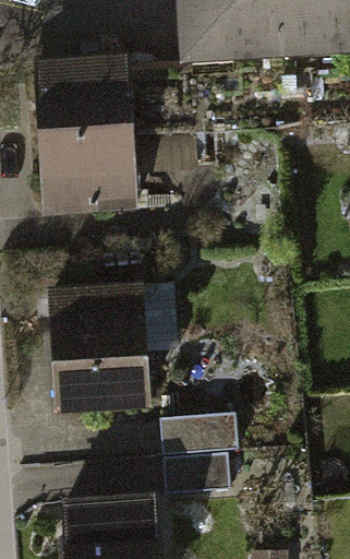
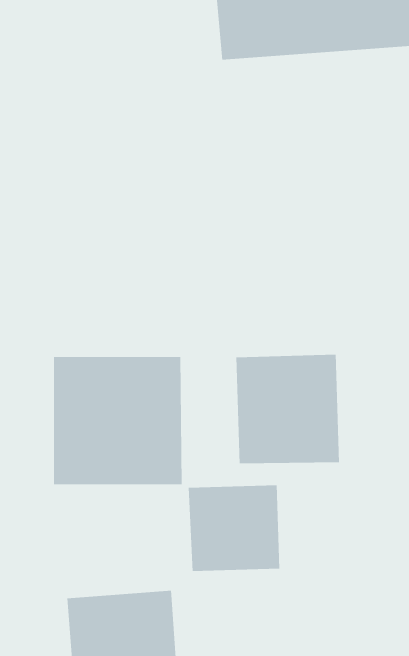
building: [33,76,135,204] -> none
building: none -> [236,354,340,464]

